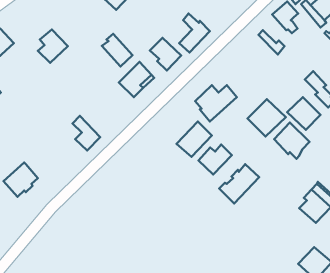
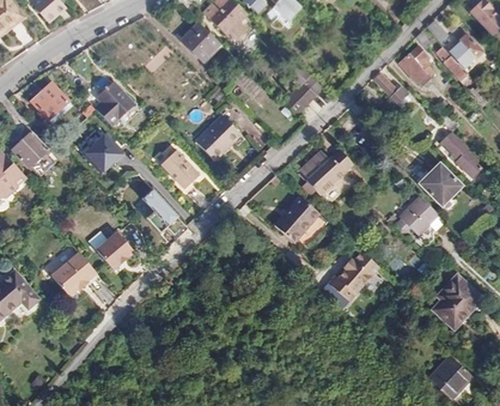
building: [102,34,133,66] -> [154,147,194,189]
building: [150,38,181,70] -> none
building: none -> [79,128,121,169]
building: [248,99,286,137] -> none
building: [199,144,232,175] -> none
building: none -> [96,232,133,269]

